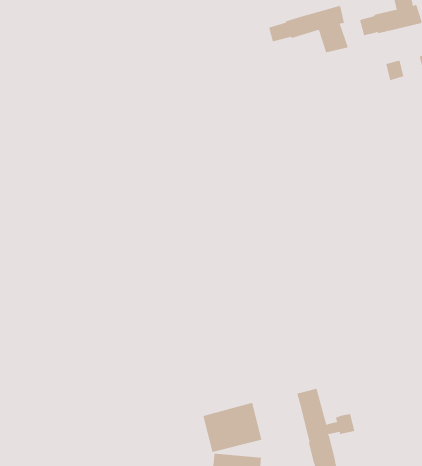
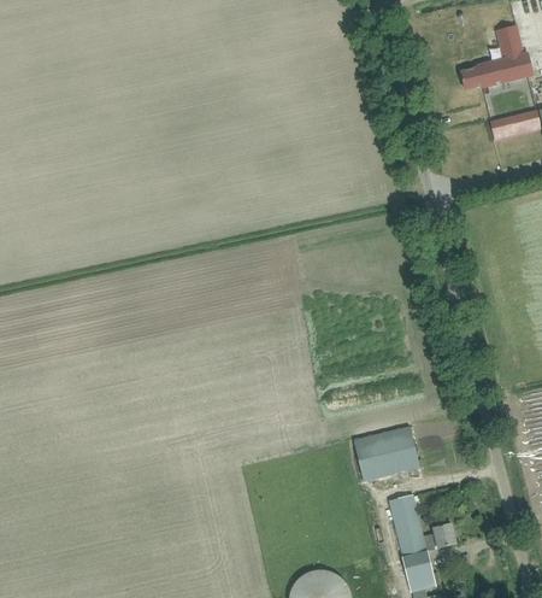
building: [268,5,348,53] -> none
building: [203,402,262,452] -> [350,424,419,482]

